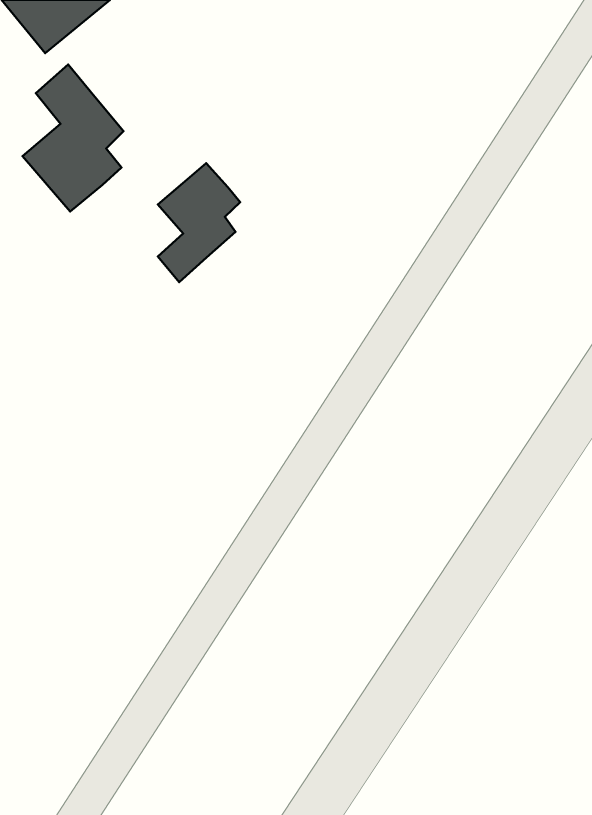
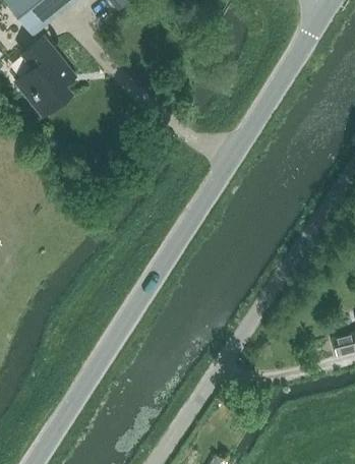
building: [158,163,240,282] -> none

